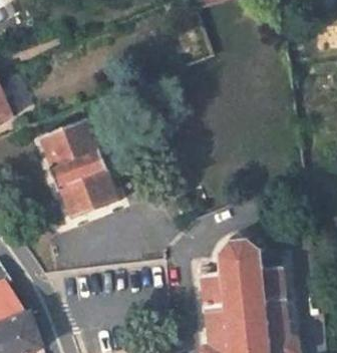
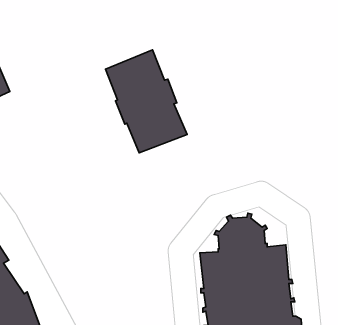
building: [39,119,119,221] -> [105,50,187,153]

